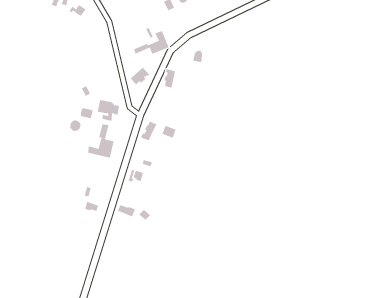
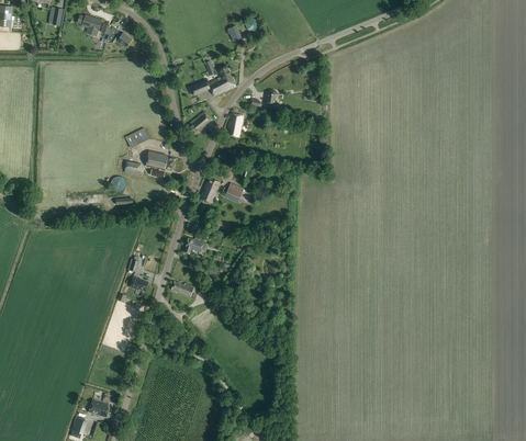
building: [87,123,114,159] -> none

